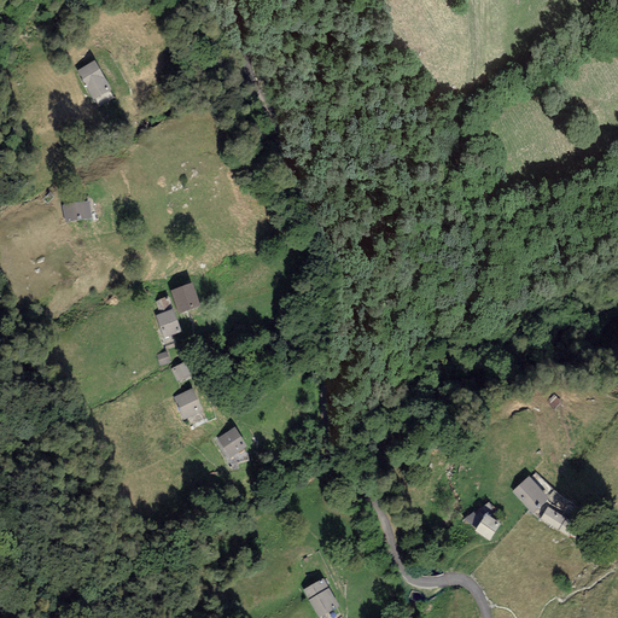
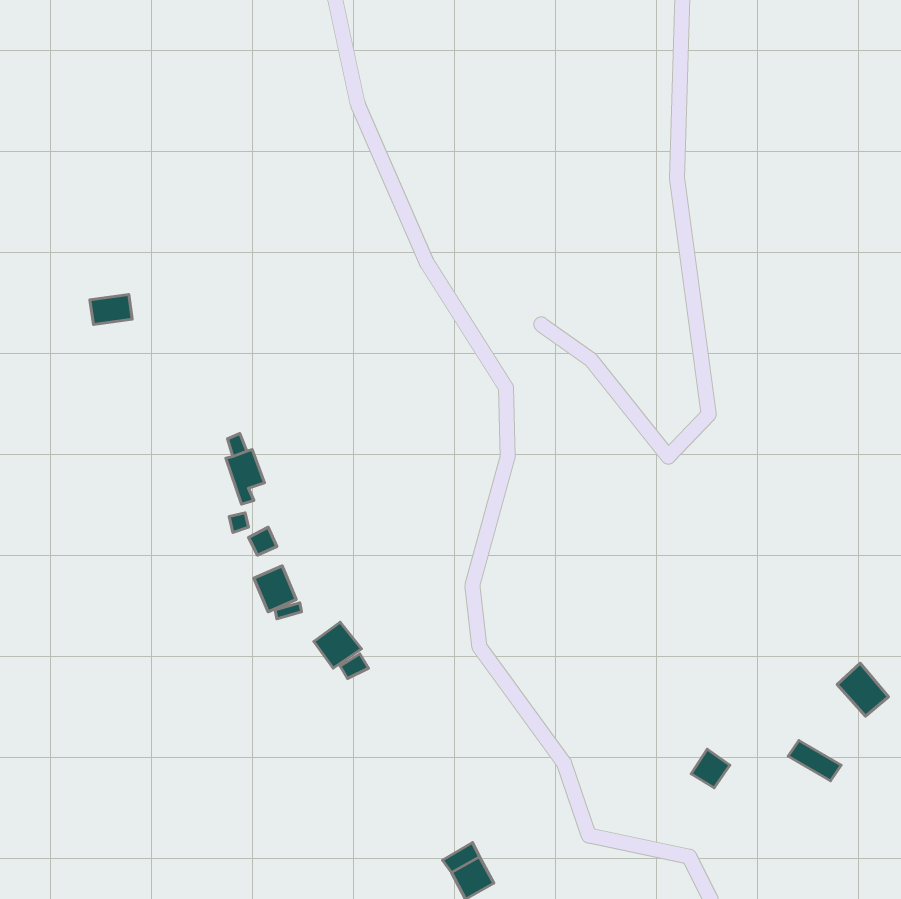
building: [77,60,111,99] -> none
building: [170,282,199,313] -> none
building: [512,476,547,512] -> [837,663,888,716]

